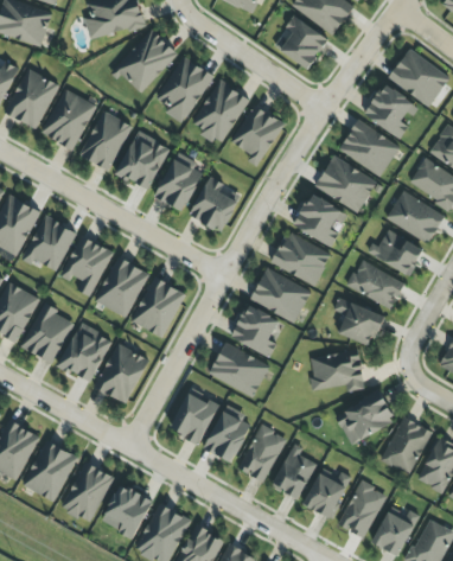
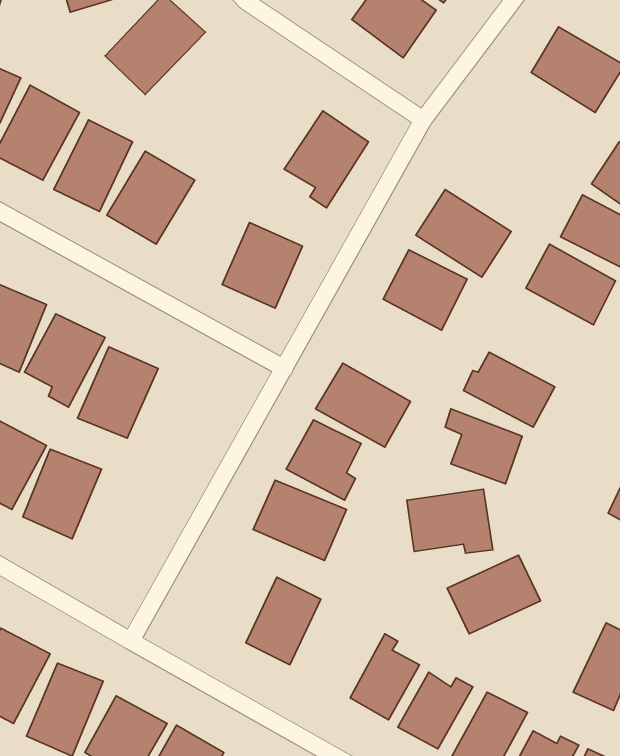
building: [155,56,215,123] -> none
building: [192,81,250,145] -> none
building: [364,84,420,139] -> none
building: [339,120,400,177] -> none
building: [155,151,203,211] -> none
building: [366,231,423,274] -> none
building: [272,232,331,285] -> none
building: [130,276,186,338] -> none
building: [95,343,149,404] -> none
building: [171,391,218,444] -> none
building: [383,417,430,474] -> none
building: [237,425,287,483] -> none

